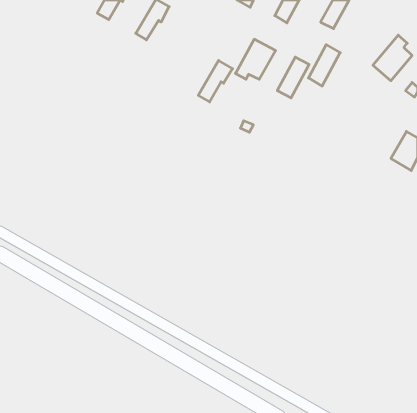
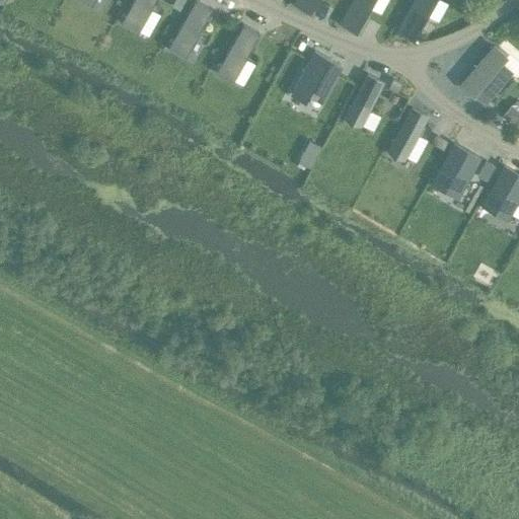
building: [308,45,340,86] -> [389,109,429,161]
building: [198,60,233,102] -> [217,27,260,79]
building: none -> [435,147,480,196]

